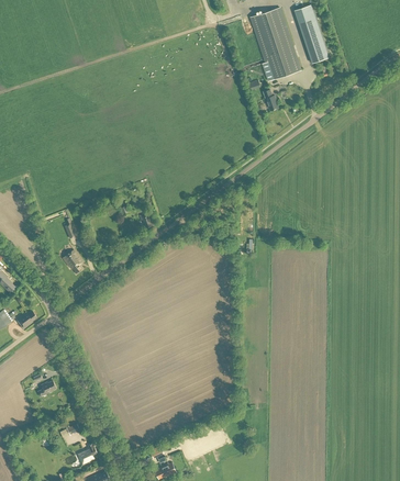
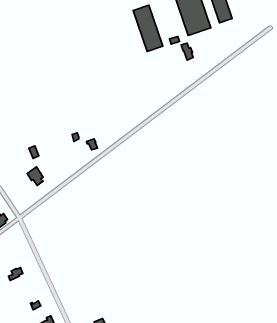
building: none -> [133,5,163,51]

